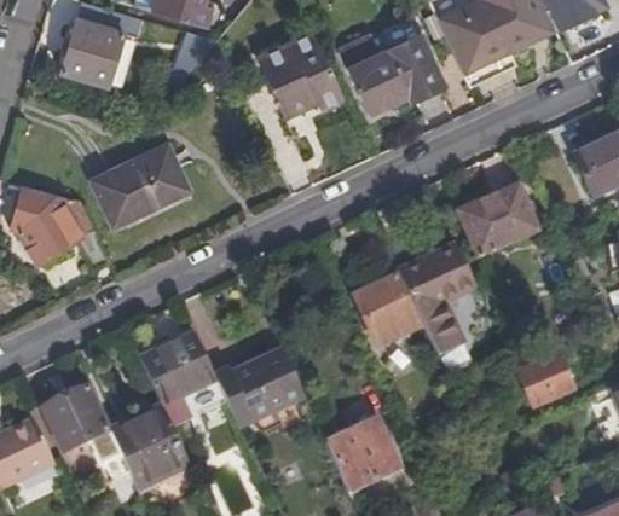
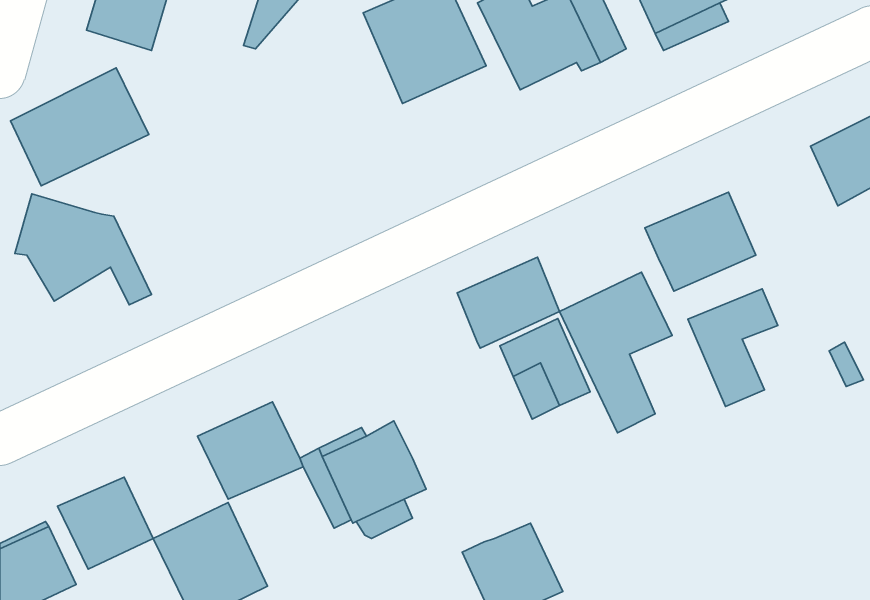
building: [92,144,190,227] -> [10,68,149,186]
building: none -> [457,257,559,348]
building: none -> [688,289,778,406]
building: [519,355,571,404] -> none

